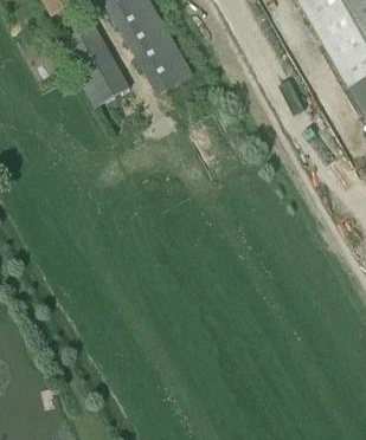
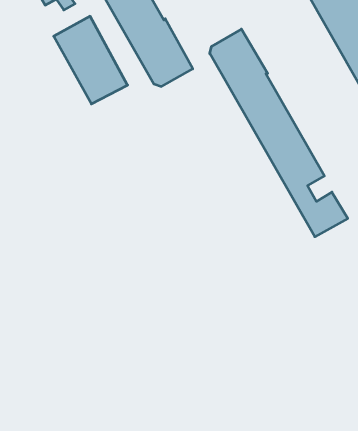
building: none -> [210,29,348,237]

